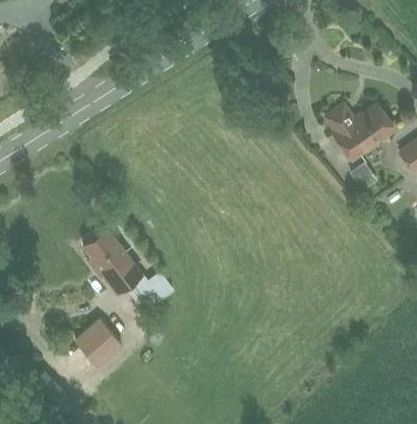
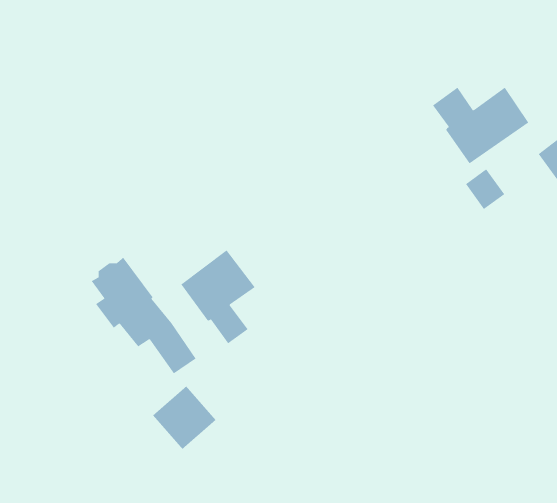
building: none -> [181,250,255,344]
building: [73,317,119,363] -> [152,385,216,450]

